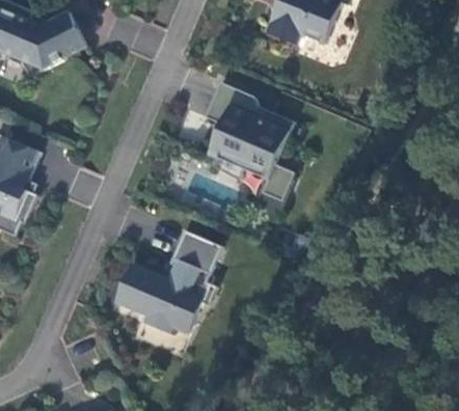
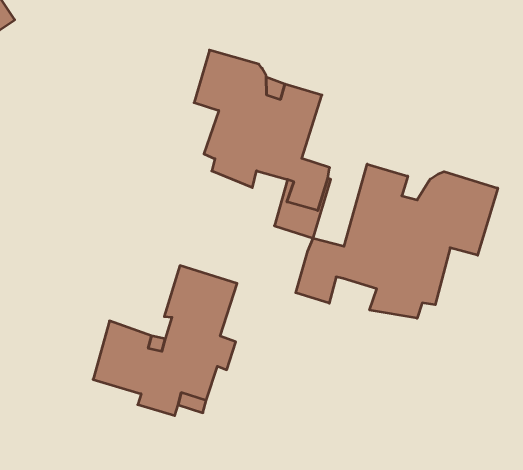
building: none -> [296,164,498,318]

